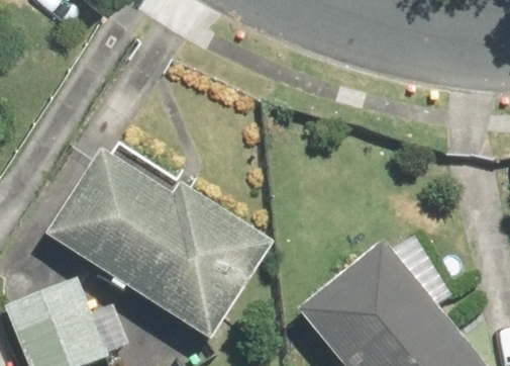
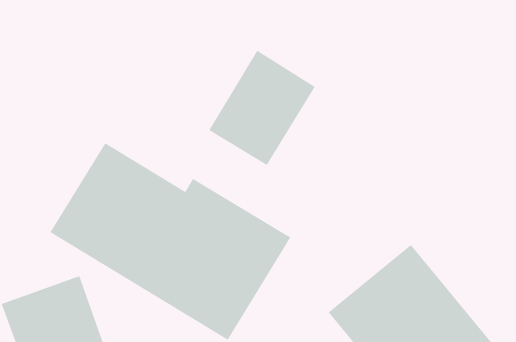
building: none -> [208,50,315,166]

